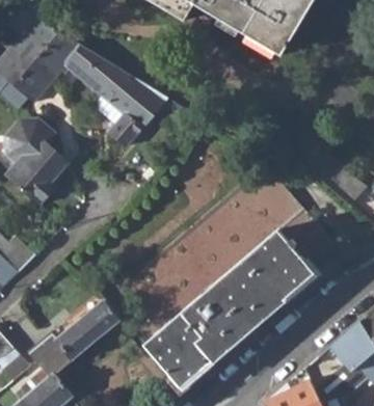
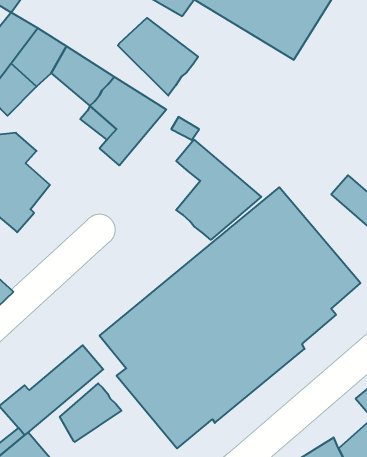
building: none -> [118,18,198,96]
building: none -> [176,140,261,240]
building: none -> [60,383,121,442]

